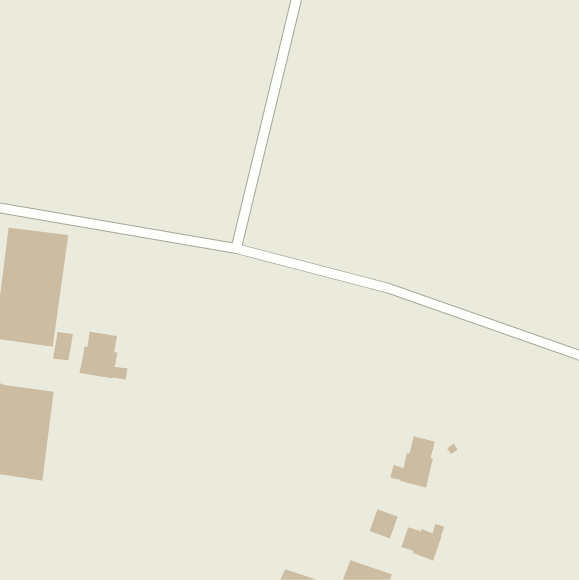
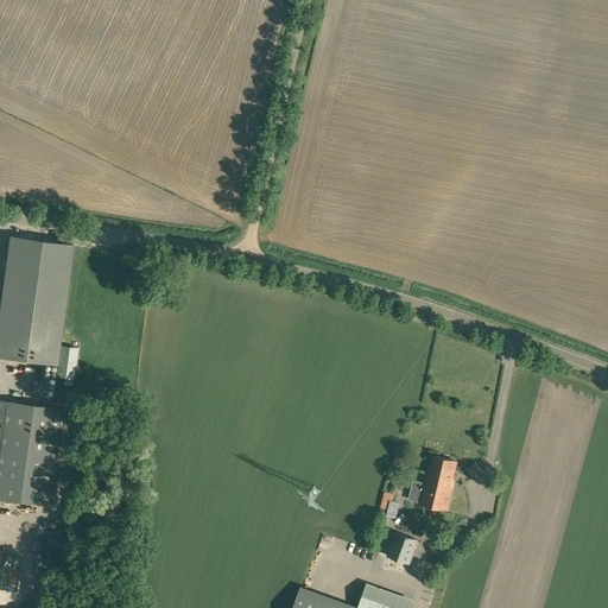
building: [79,331,128,381] -> none
building: [401,523,445,562] -> none

